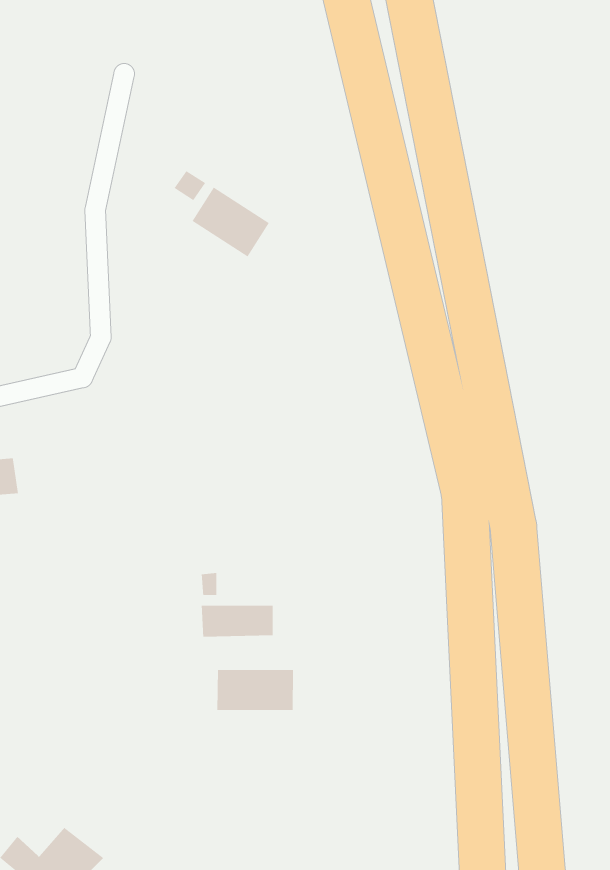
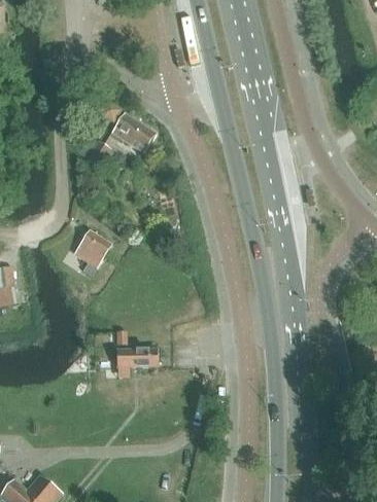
building: none -> [73,230,111,268]
building: [217,669,294,711] -> none

